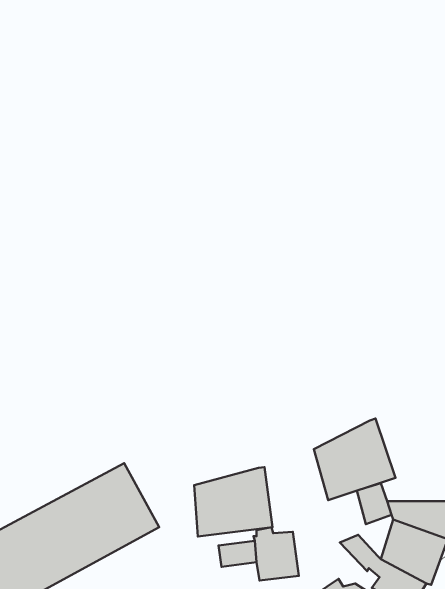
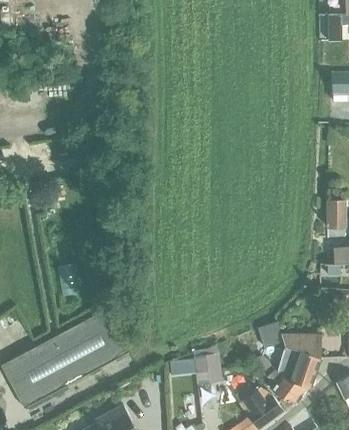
building: [314,419,395,500] -> none
building: [194,467,272,536] -> none

